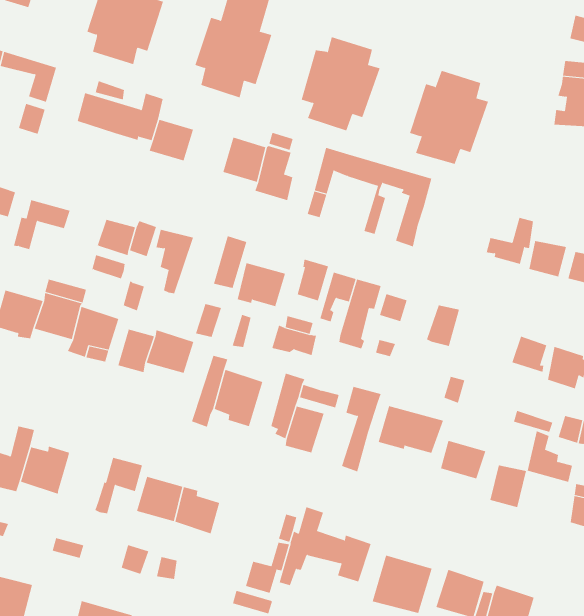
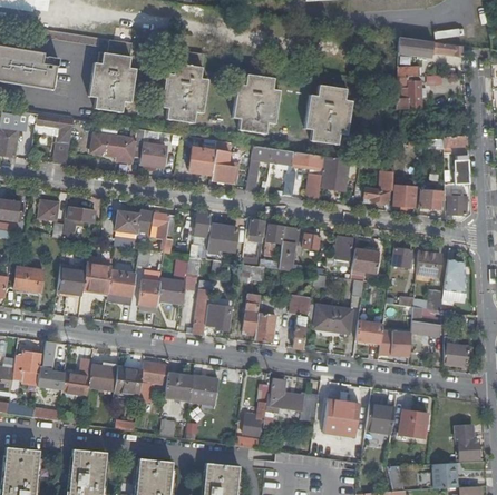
building: none -> [321,156,360,191]
building: none -> [352,249,379,273]
building: none -> [114,367,143,394]

